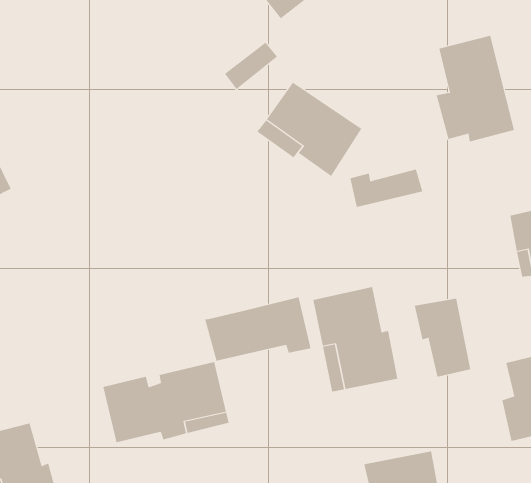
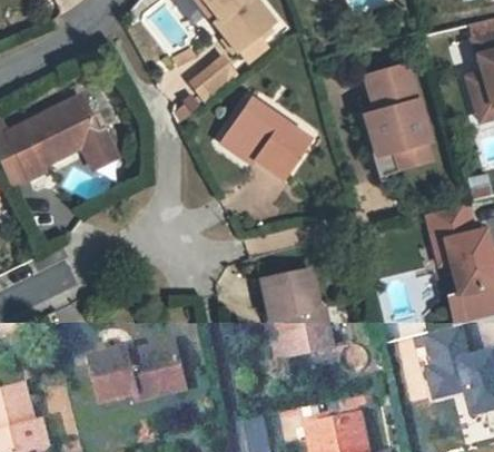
building: none -> [10,99,121,181]
building: [349,169,423,208] -> [374,140,435,173]
building: [204,296,311,361] -> none
building: [414,298,471,378] -> none

